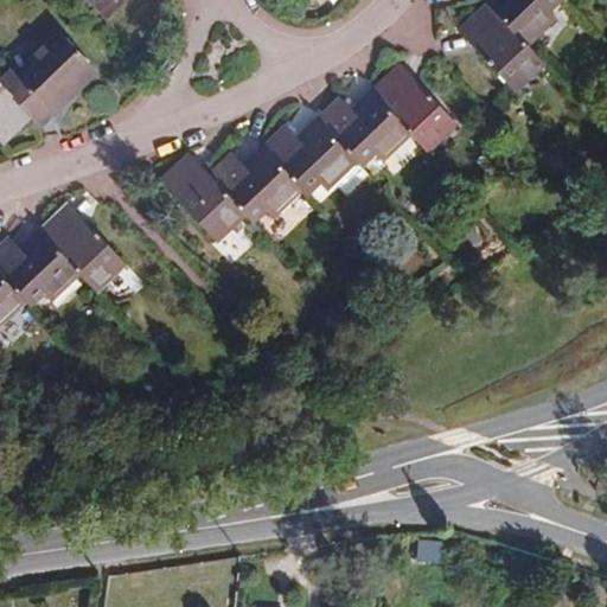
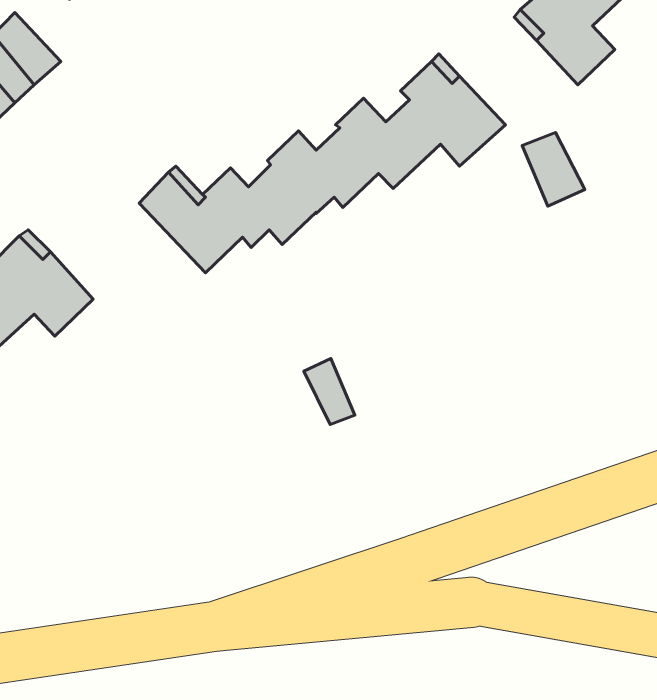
building: none -> [522,132,585,206]
building: none -> [304,359,355,424]

